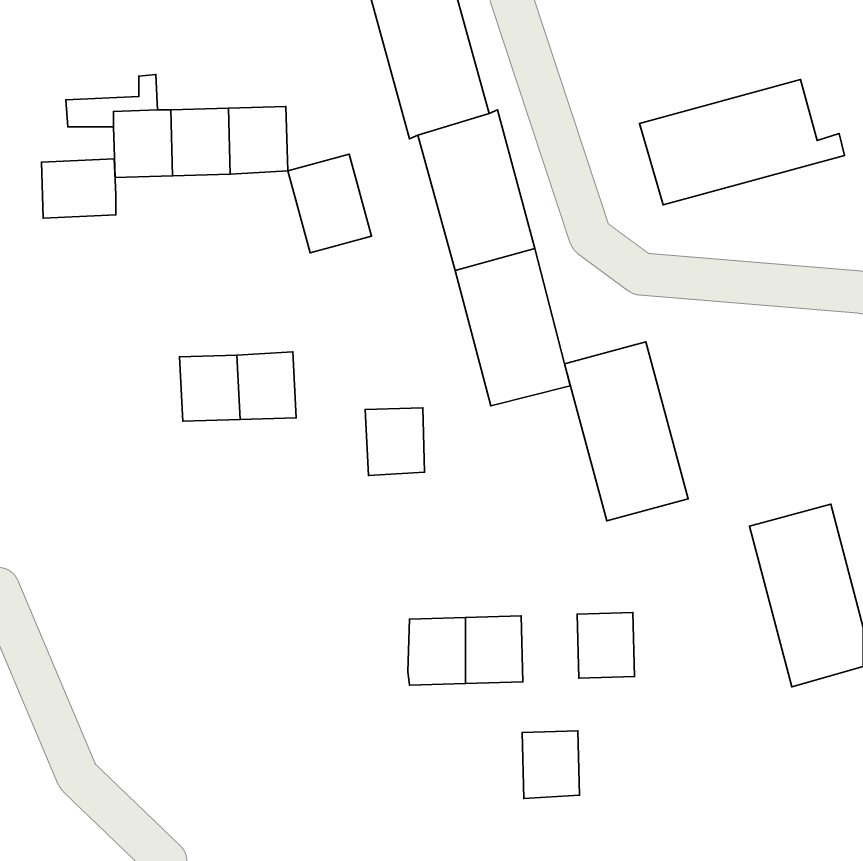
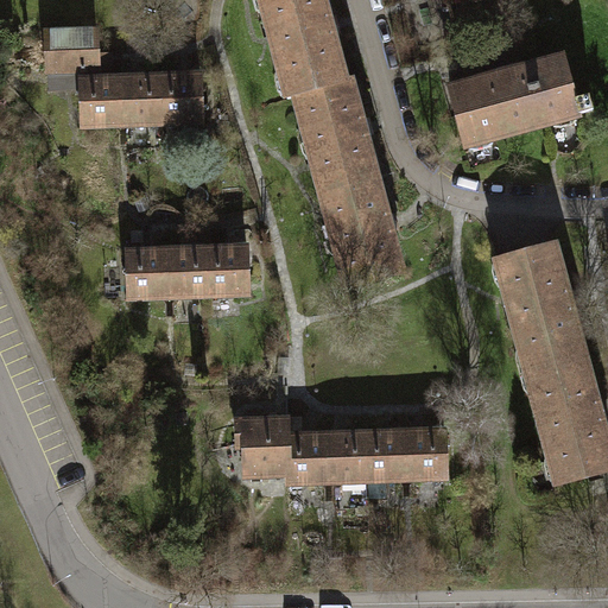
building: [288,154,372,253] -> none
building: [41,159,116,218] -> [45,28,97,70]
building: [565,342,688,521] -> [496,243,583,369]
building: [365,408,424,476] -> [205,246,247,293]
building: none -> [235,418,287,474]
building: [522,731,580,799] -> [366,431,406,479]

